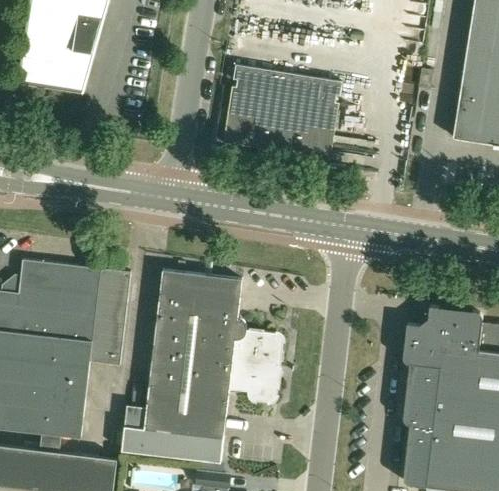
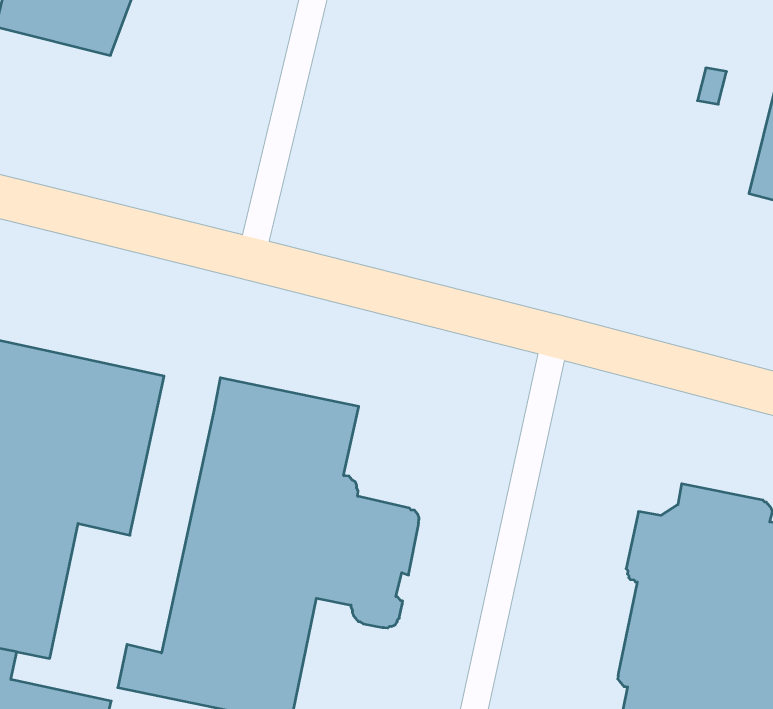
building: [224,65,343,158] -> none

